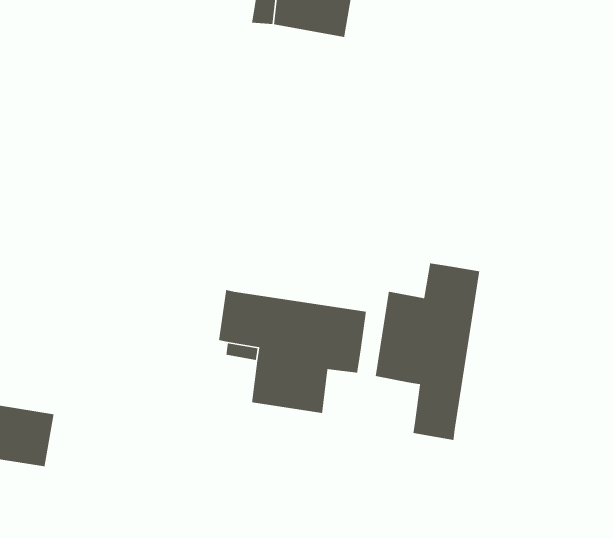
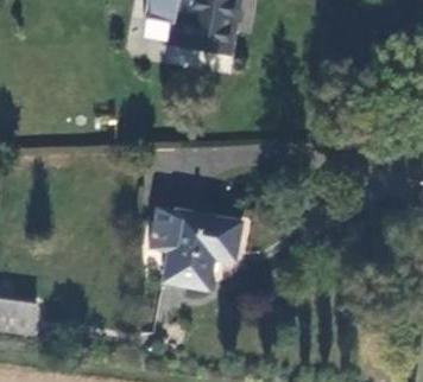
building: [375,263,480,441] -> none

